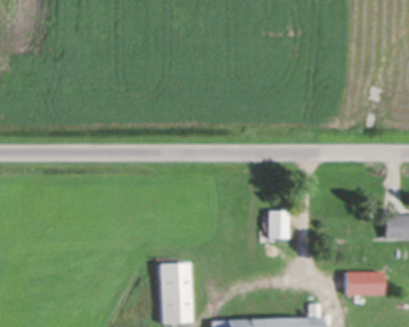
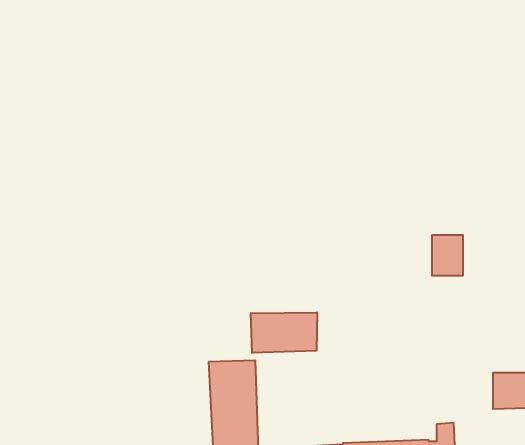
building: [269,212,289,239] -> [432,235,463,276]
building: none -> [251,312,317,353]

